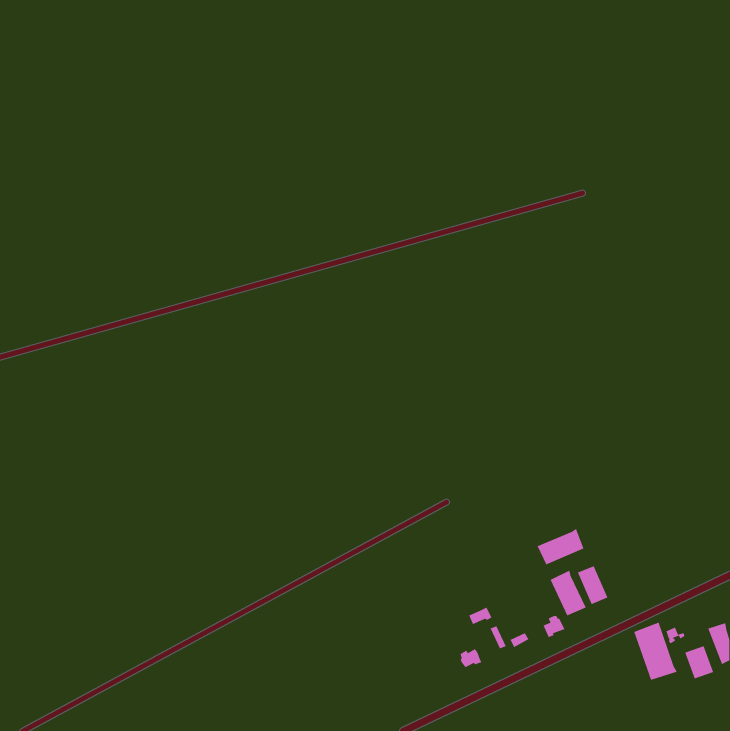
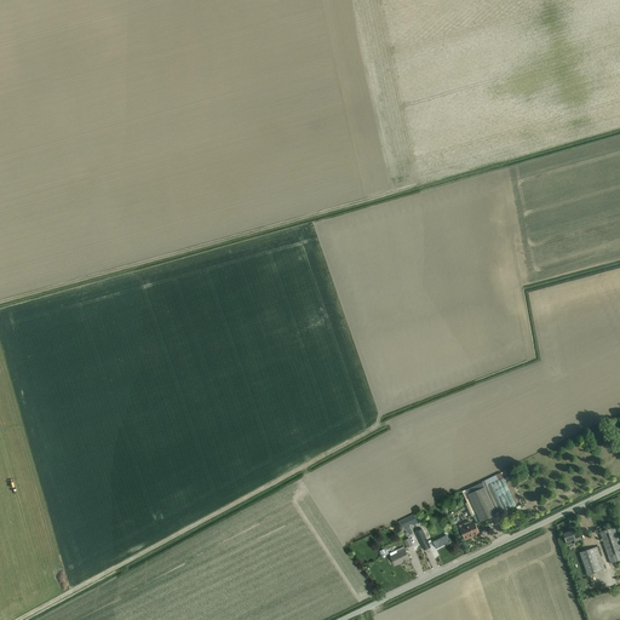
building: [536,528,585,566] -> none
building: [633,622,678,681] -> none

